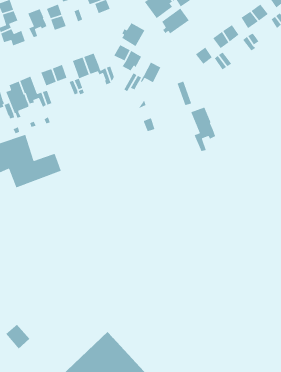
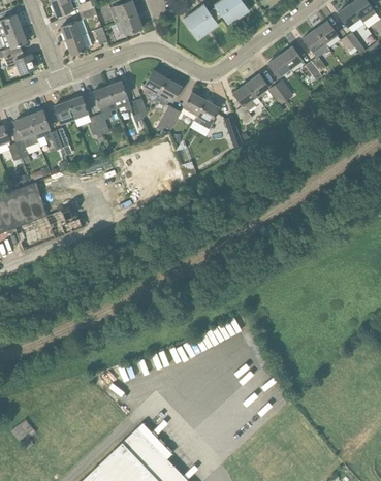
building: [161,8,190,35] -> none
building: [27,8,47,38] -> none
building: [121,22,146,47] -> none
building: none -> [233,84,256,123]
building: none -> [193,100,219,130]
building: [190,106,216,152] -> none

